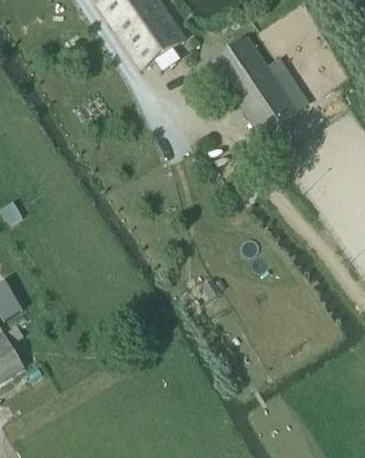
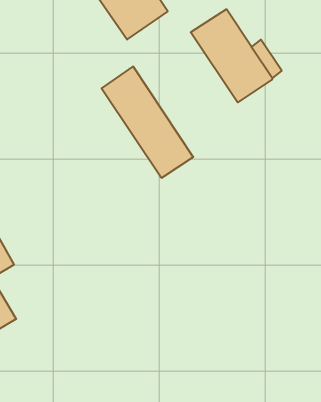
building: none -> [102,66,193,178]

